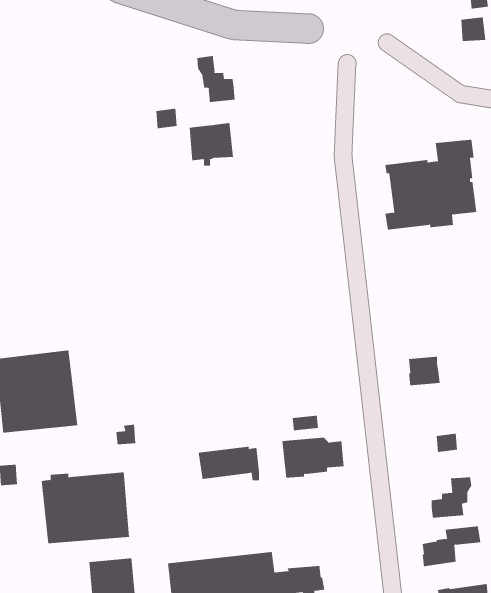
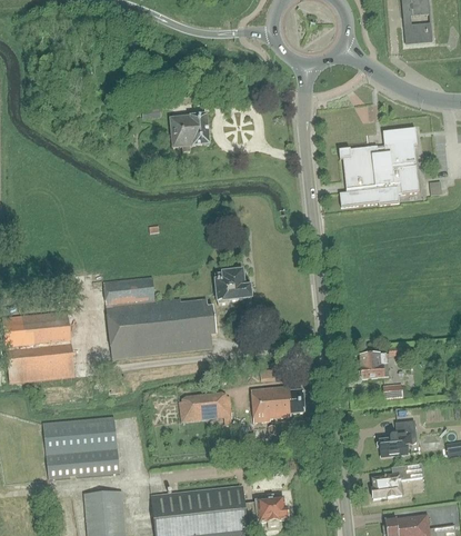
building: [197,55,235,103] -> none
building: none -> [214,268,252,302]
building: none -> [103,275,216,357]
building: [408,356,440,386] -> [360,351,388,377]

